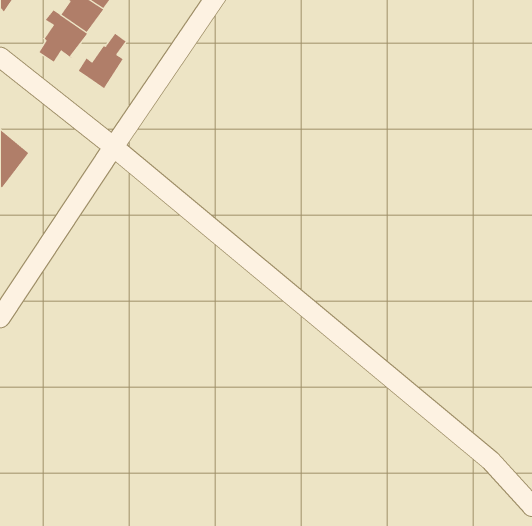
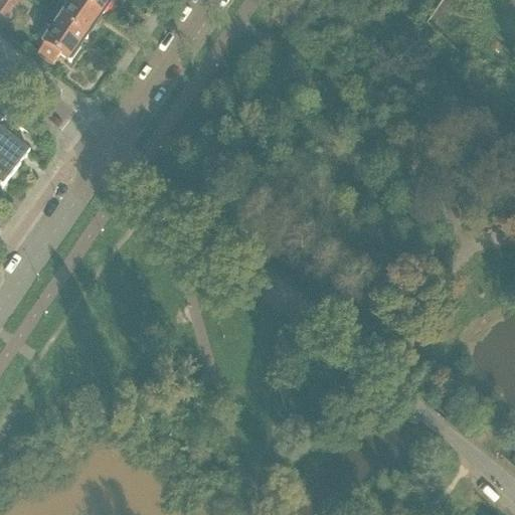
building: [78,33,127,90] -> none

